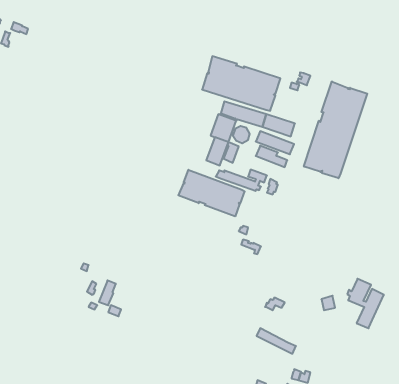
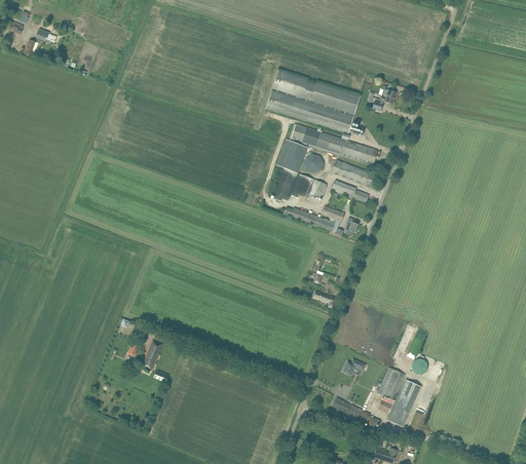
building: [304,81,367,178] -> none
building: [178,170,245,216] -> none
building: [347,279,384,328] -> [376,366,420,426]

